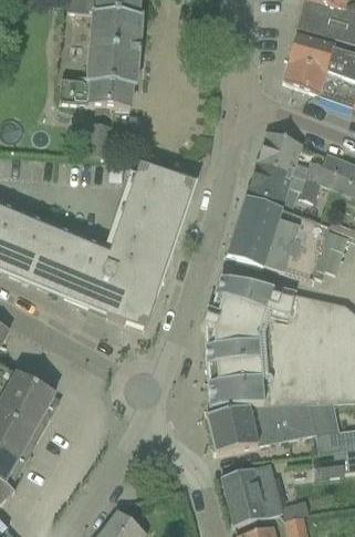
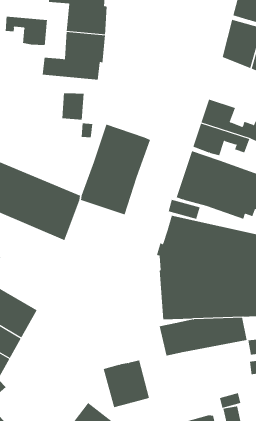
building: none -> [5,16,47,46]
building: [88,258,164,330] -> none
building: [221,464,280,524] -> [103,360,150,408]

